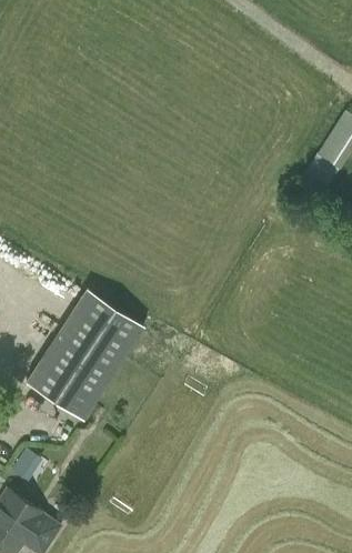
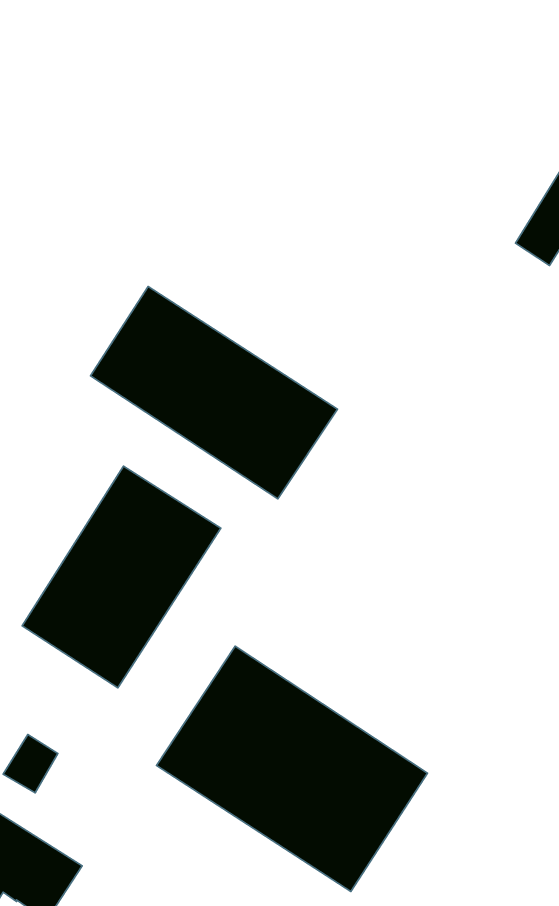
building: none -> [90,287,337,499]
building: none -> [156,646,427,891]

